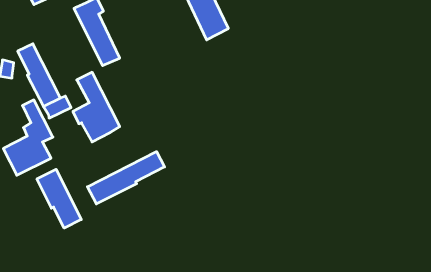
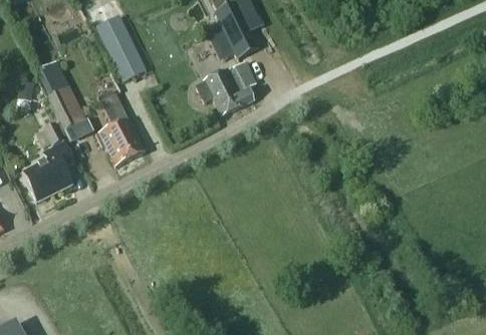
building: none -> [194,63,253,114]
building: [87,152,165,204] -> none
building: [37,169,81,228] -> none

